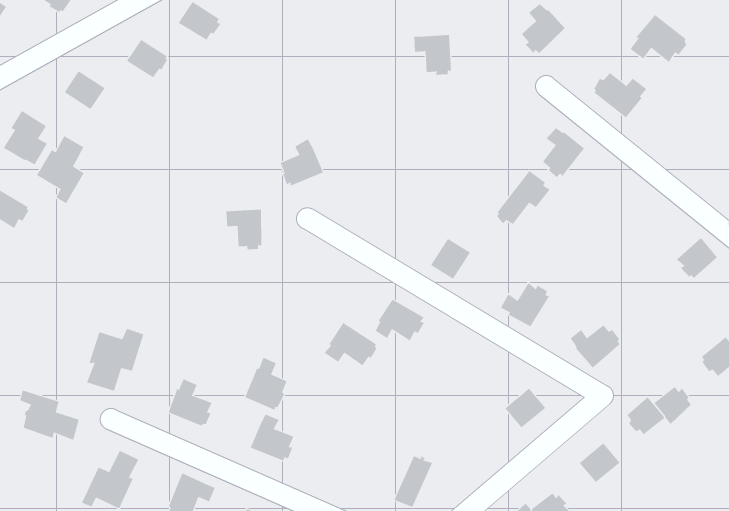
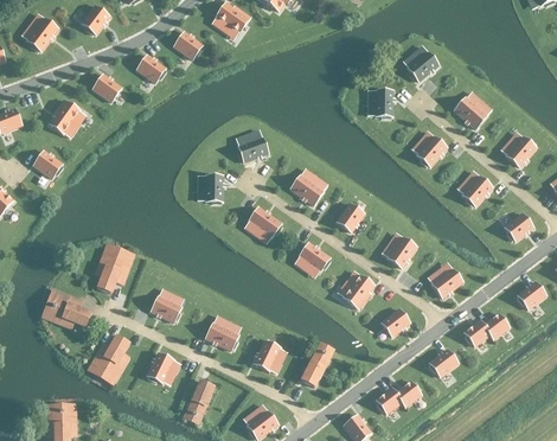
building: [630,14,687,63] -> none
building: [413,34,452,75] -> [367,90,392,117]
building: none -> [500,135,536,166]
building: [36,135,84,204] -> none
building: [496,170,550,225] -> none
building: none -> [461,171,492,205]
building: none -> [289,173,326,205]
building: [324,322,377,366] -> [244,206,281,237]
building: none -> [342,270,373,308]
building: [244,357,287,410] -> none
building: none -> [252,339,281,372]

